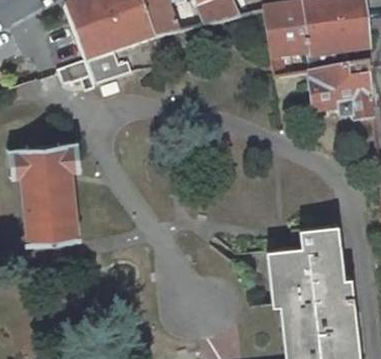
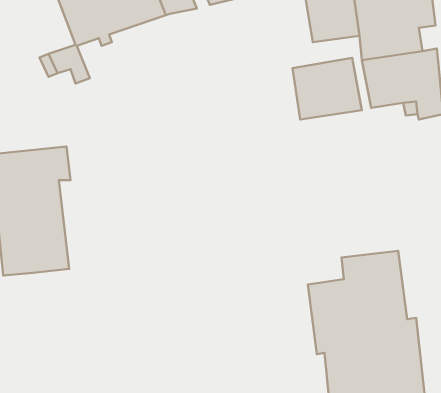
building: none -> [293,58,362,120]

